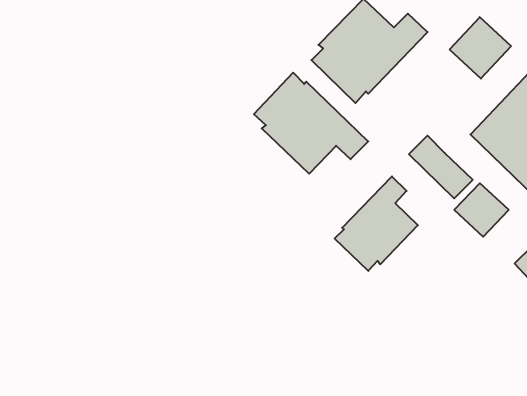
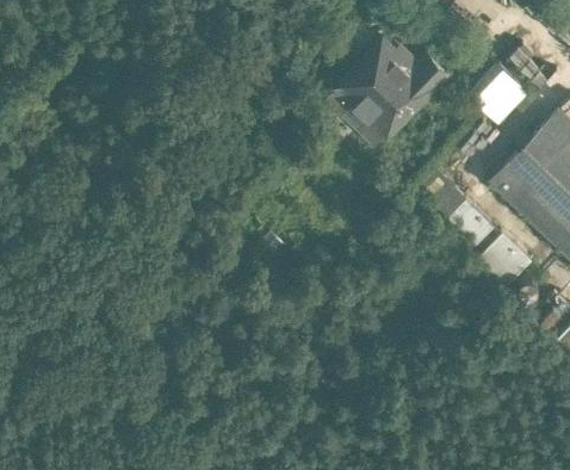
building: [254,73,368,174] -> none
building: [335,176,418,271] -> none

